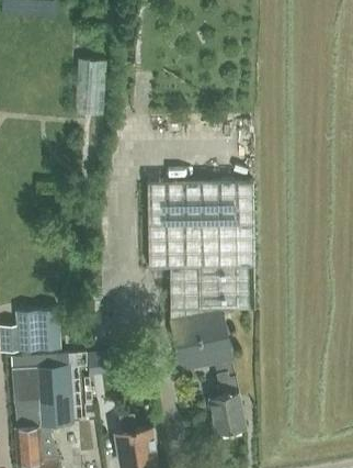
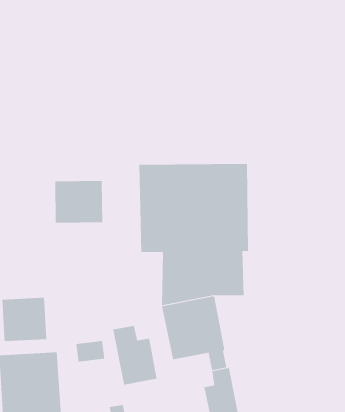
building: [71,58,103,114] -> none
building: none -> [55,180,103,223]
building: none -> [113,325,157,386]

